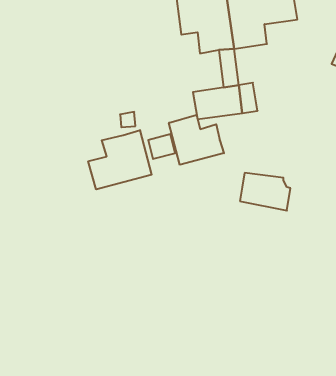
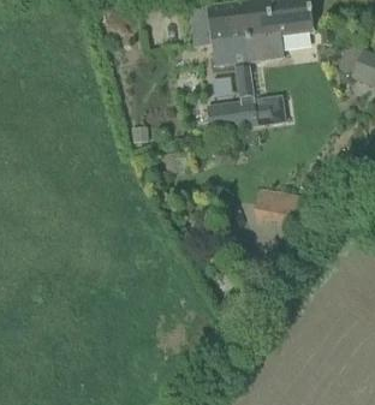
building: [169,115,224,165] -> none
building: [88,130,152,189] -> none

